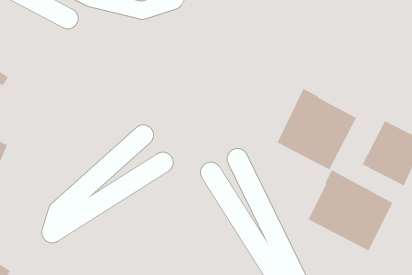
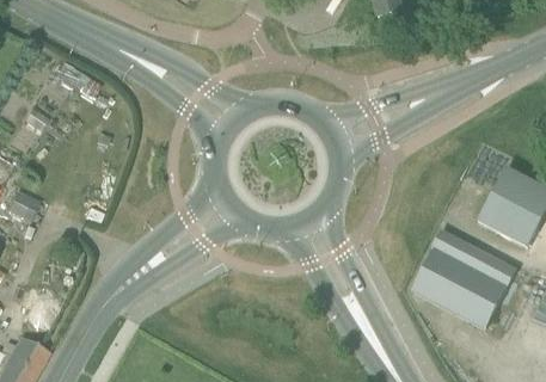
building: [277,88,357,170] -> none

